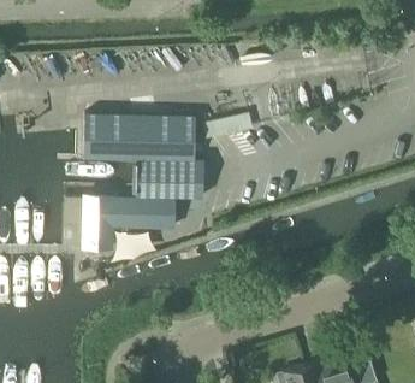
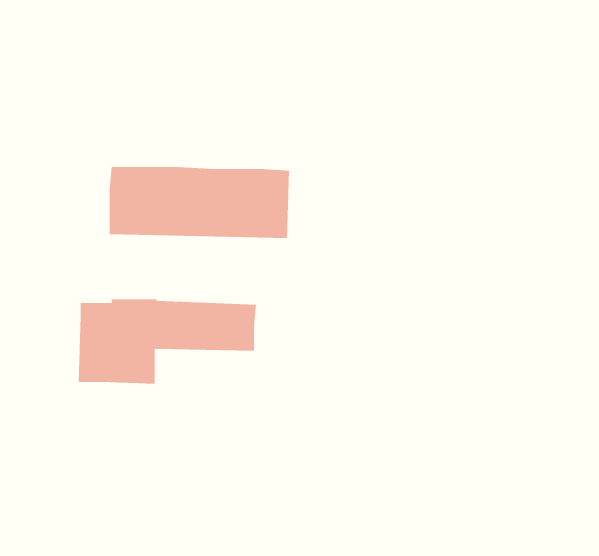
building: [135,159,204,200] -> none

